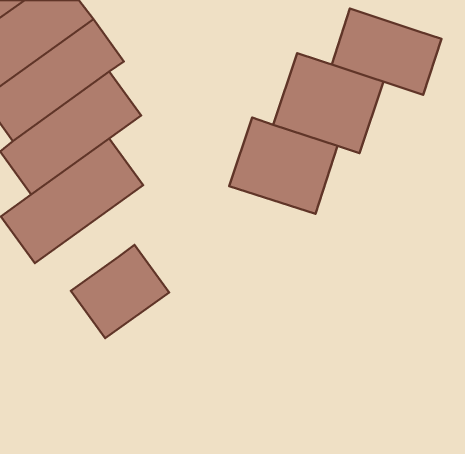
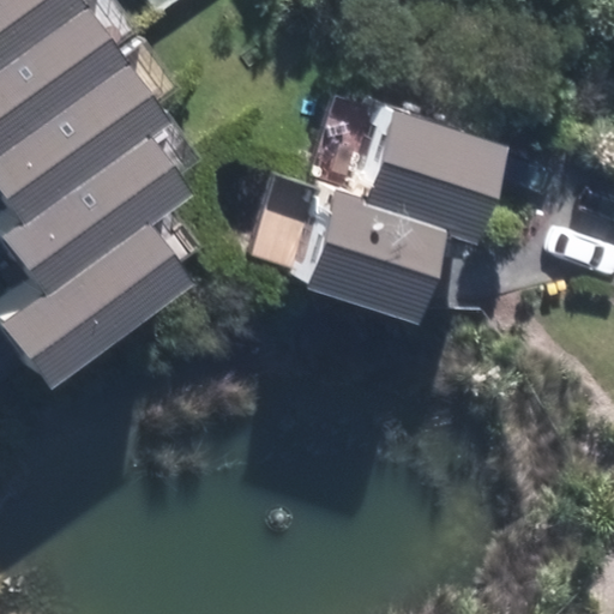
building: [332,9,441,95] -> none
building: [71,245,169,338] -> none

